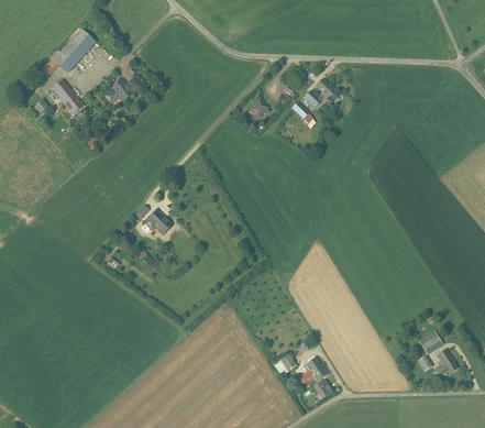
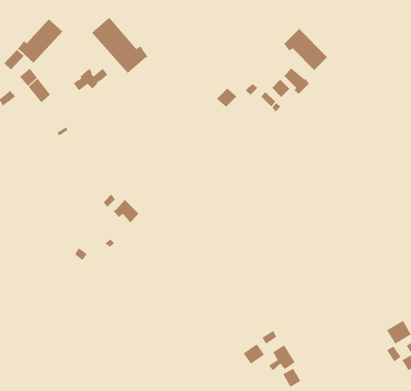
building: none -> [91,17,149,74]
building: none -> [283,28,328,71]

